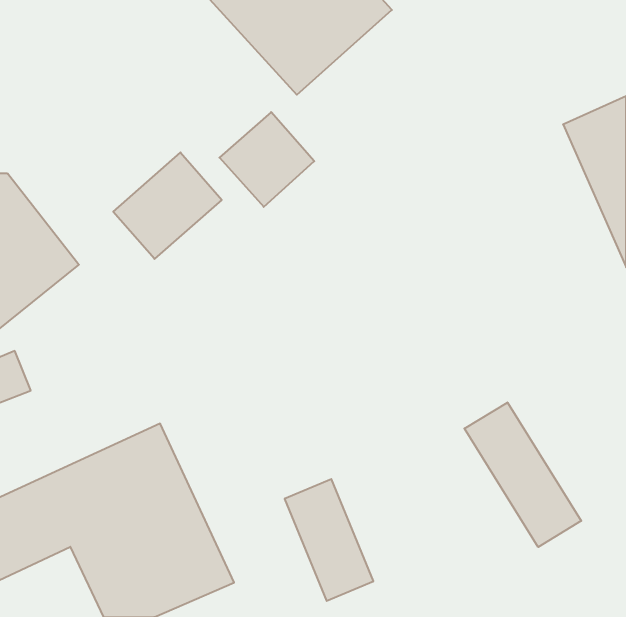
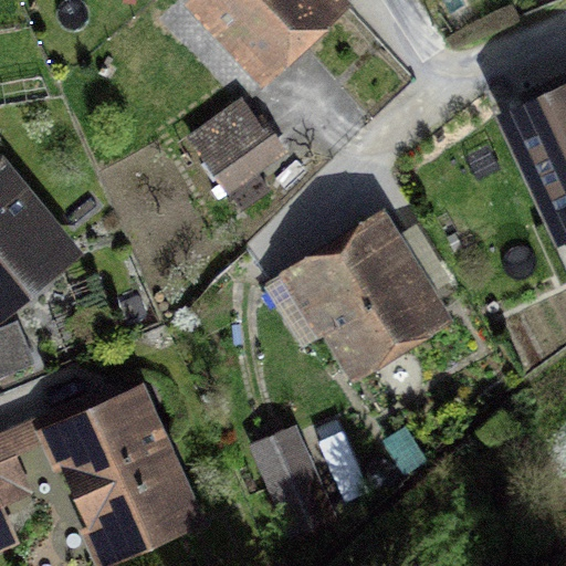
building: [113,152,222,259] -> none
building: none -> [285,213,452,382]
building: [464,402,581,547] -> none

